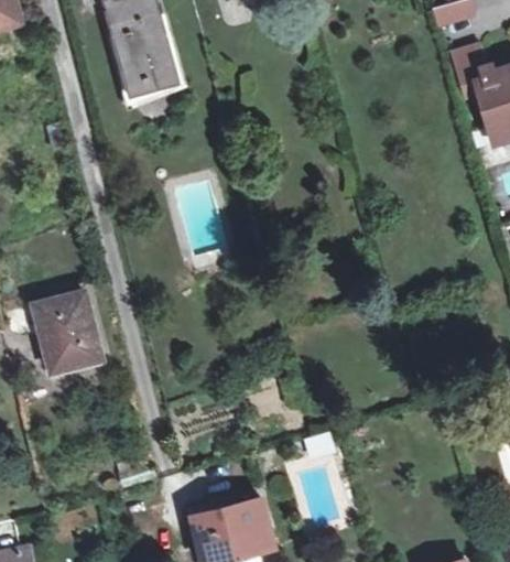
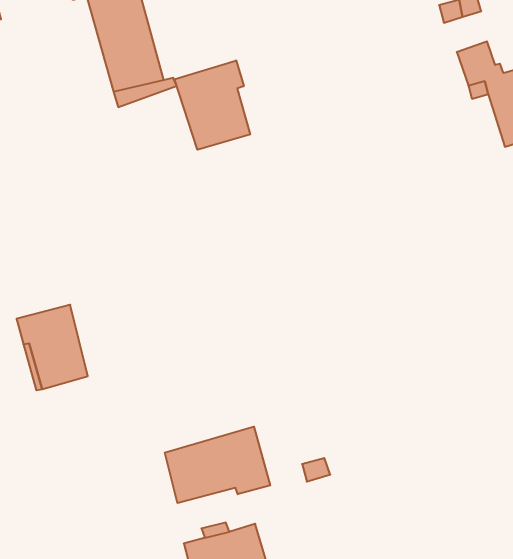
building: none -> [175,60,250,150]
building: none -> [165,427,270,503]

